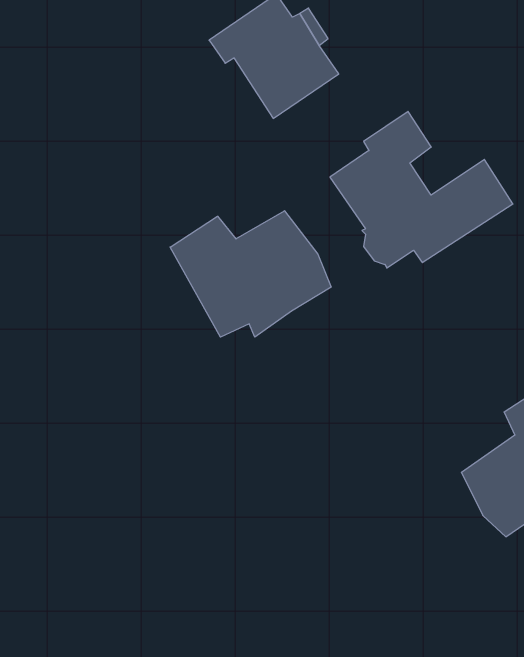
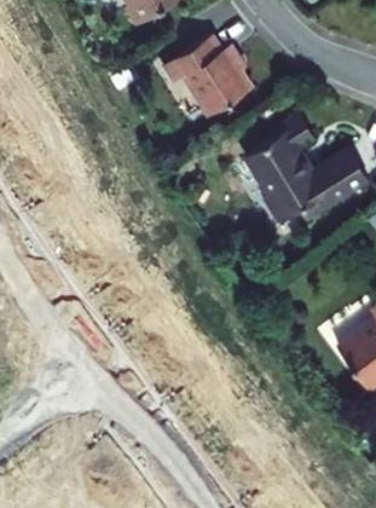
building: [170,211,331,337] -> none

